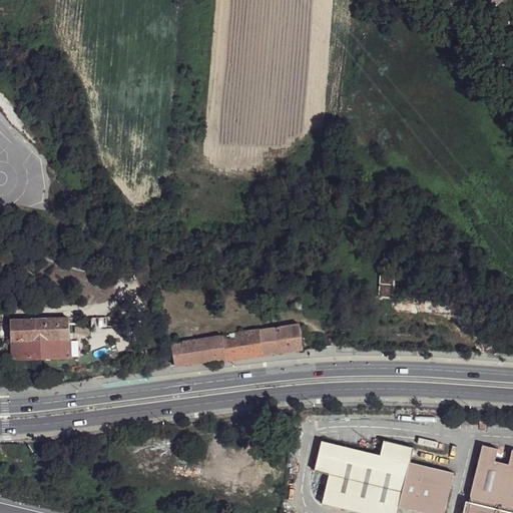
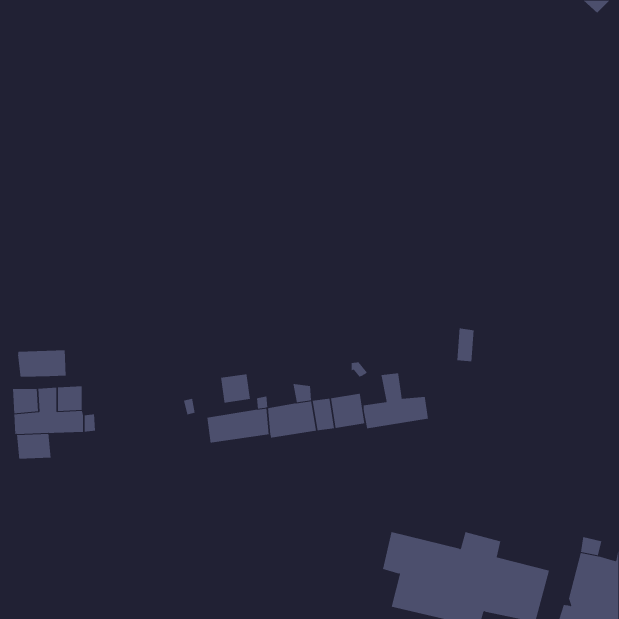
building: none -> [18,350,66,378]
building: none -> [363,372,428,429]
building: none -> [221,374,251,403]
building: none -> [17,433,51,459]

